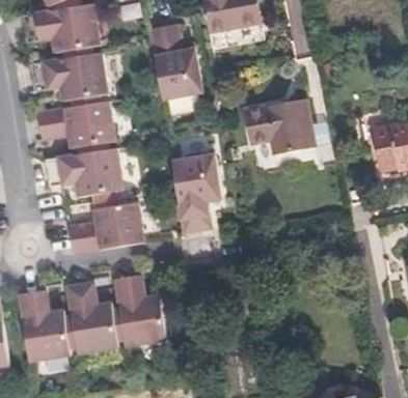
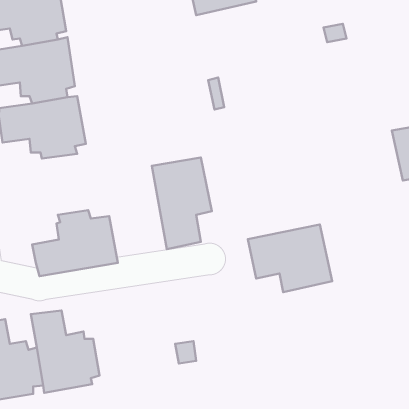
building: [147,23,200,97] -> none
building: [244,100,316,157] -> [248,225,332,292]
building: [46,146,123,200] -> none
building: [116,272,165,342] -> none

